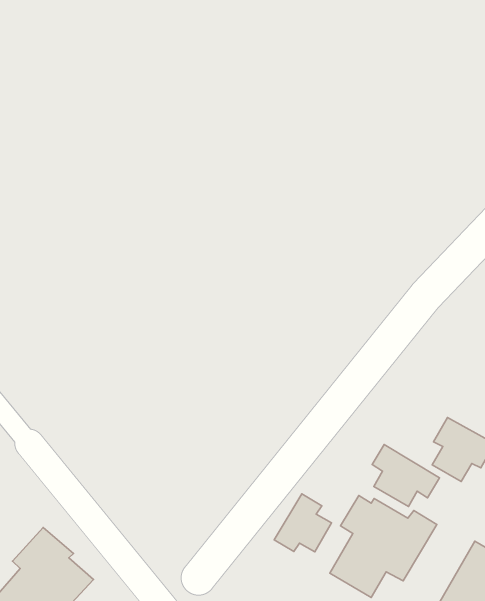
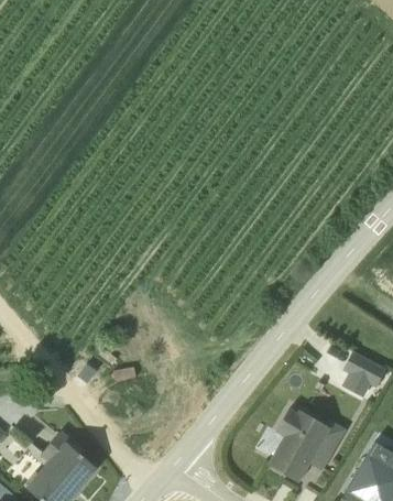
building: [372,444,439,507] -> none
building: [274,494,332,552] -> none

